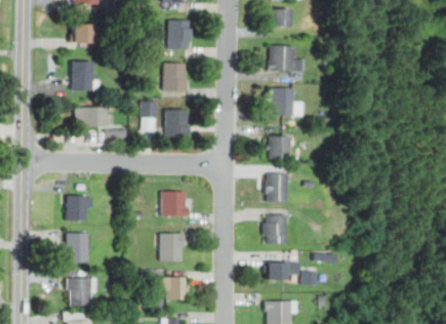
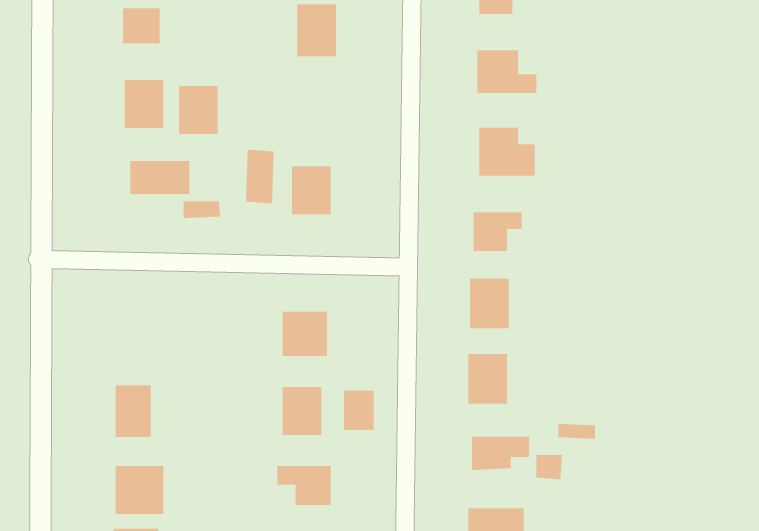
building: [164,64,187,91] -> [178,85,219,135]
building: [68,196,91,221] -> none
building: none -> [343,390,374,431]

